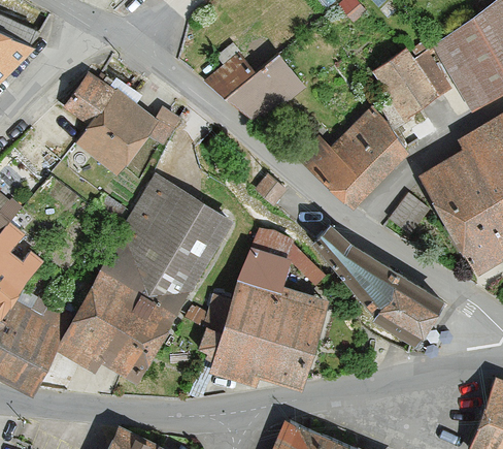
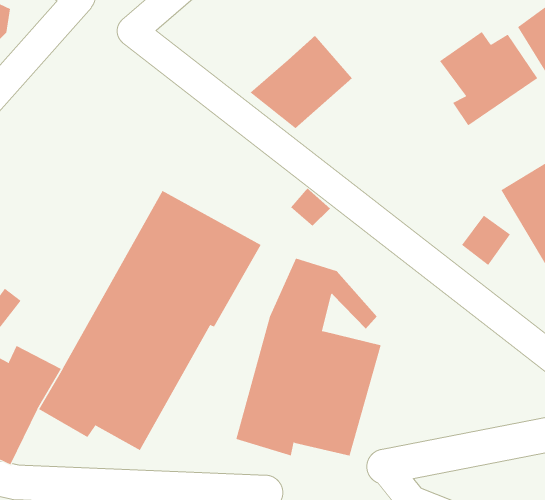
building: [206,56,254,98] -> none
building: [64,74,179,174] -> none
building: [302,107,408,201] -> none
building: [313,225,441,342] -> none

